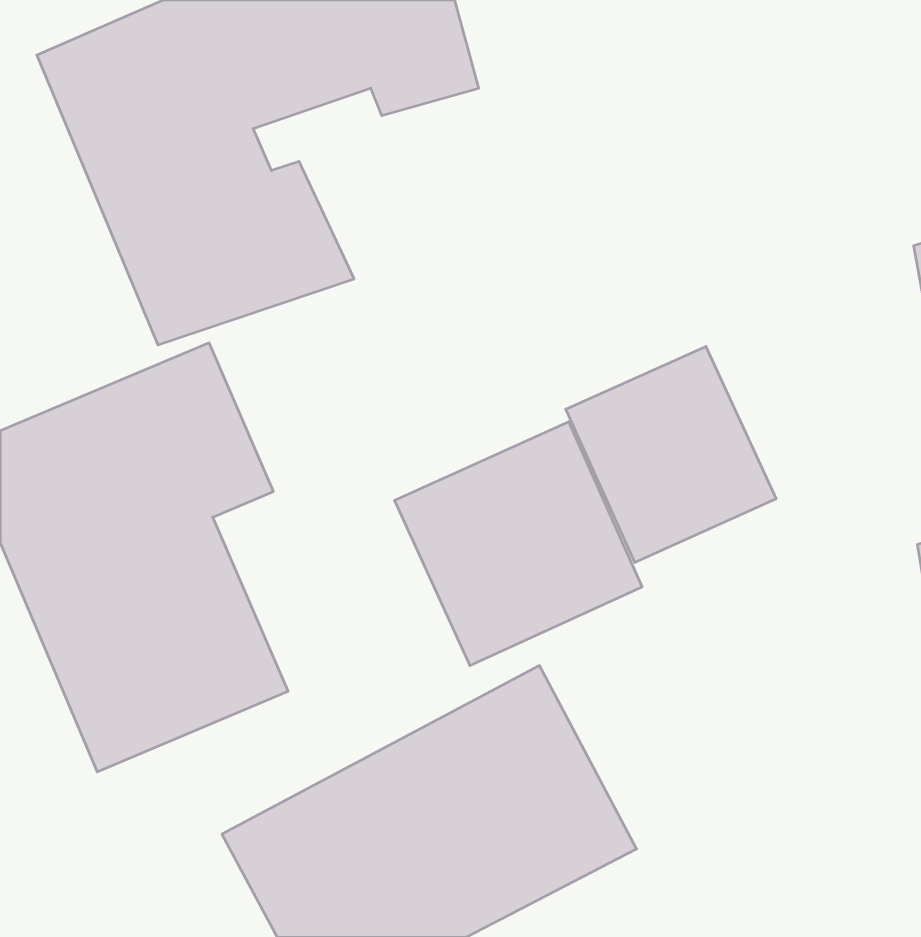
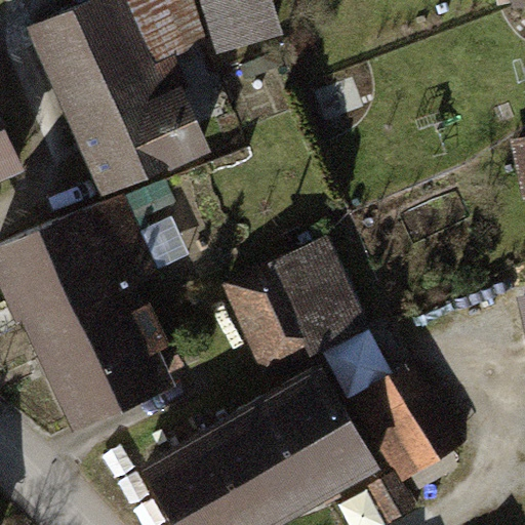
building: [566,346,776,563] -> none
building: none -> [353,358,471,483]

